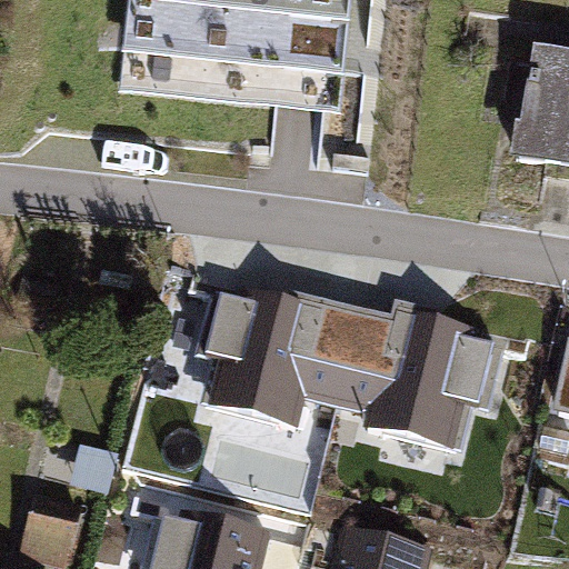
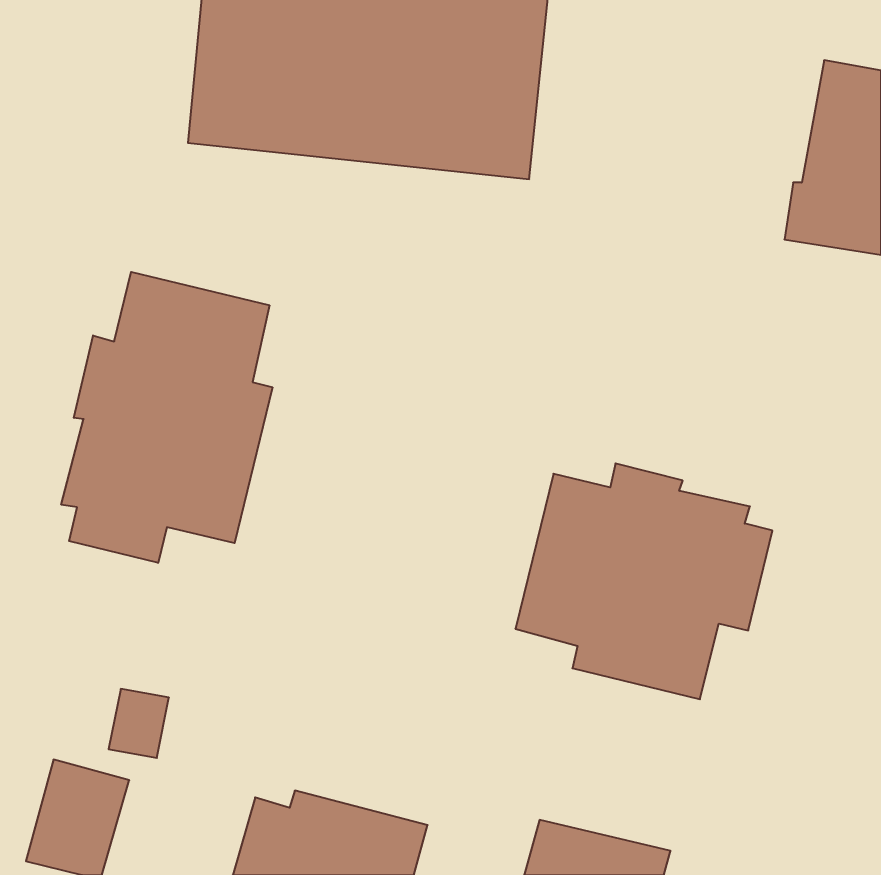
building: none -> [61,272,272,563]
building: [207,286,357,430] -> none

